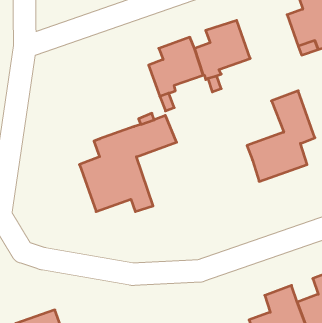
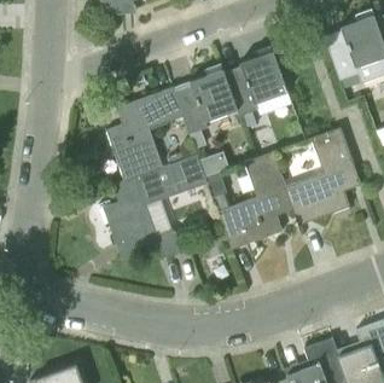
building: none -> [106,87,184,179]
building: none -> [216,152,290,249]

